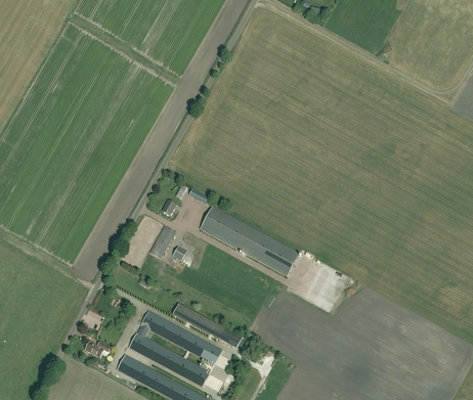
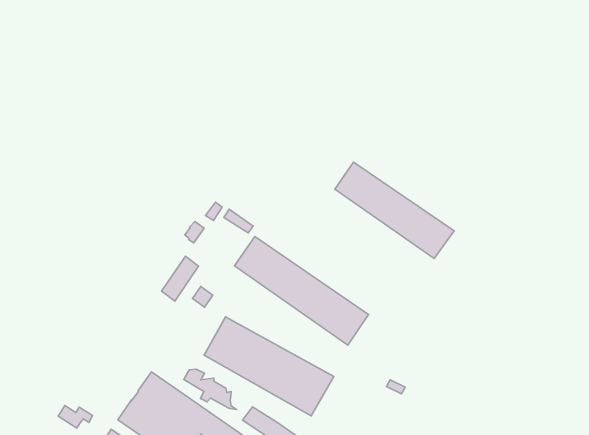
building: none -> [335,162,454,259]
building: none -> [204,317,334,416]

